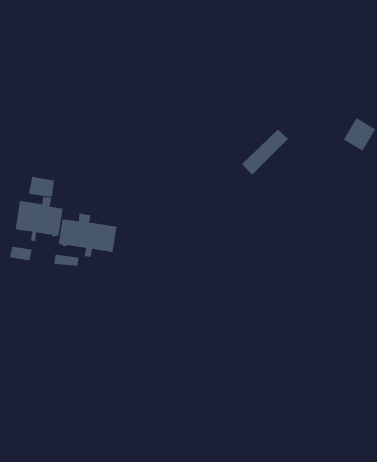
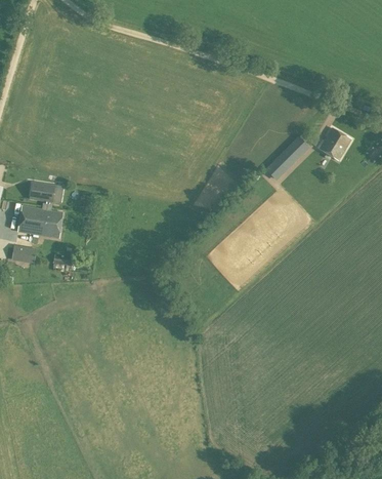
building: [241,129,289,175] -> [263,135,307,178]
building: [58,212,117,258] -> none

